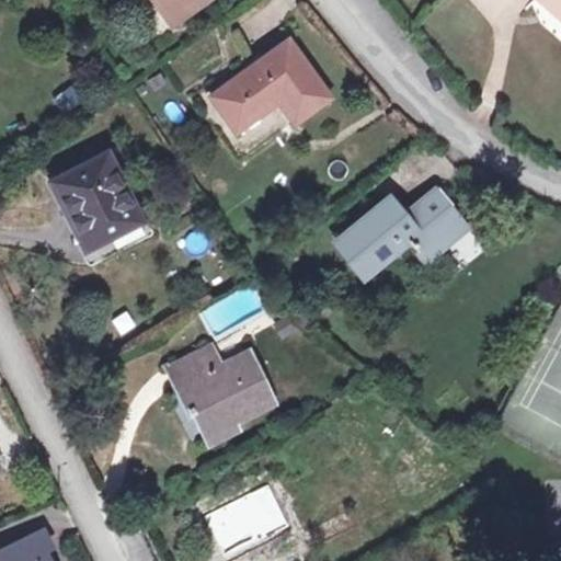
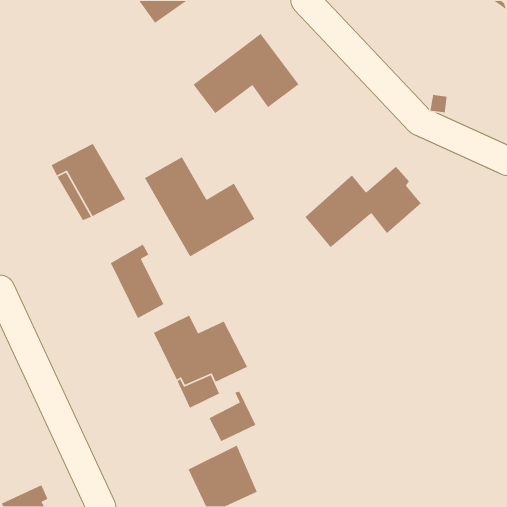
building: none -> [144,156,256,257]
building: none -> [110,244,164,319]
building: none -> [208,391,257,442]

